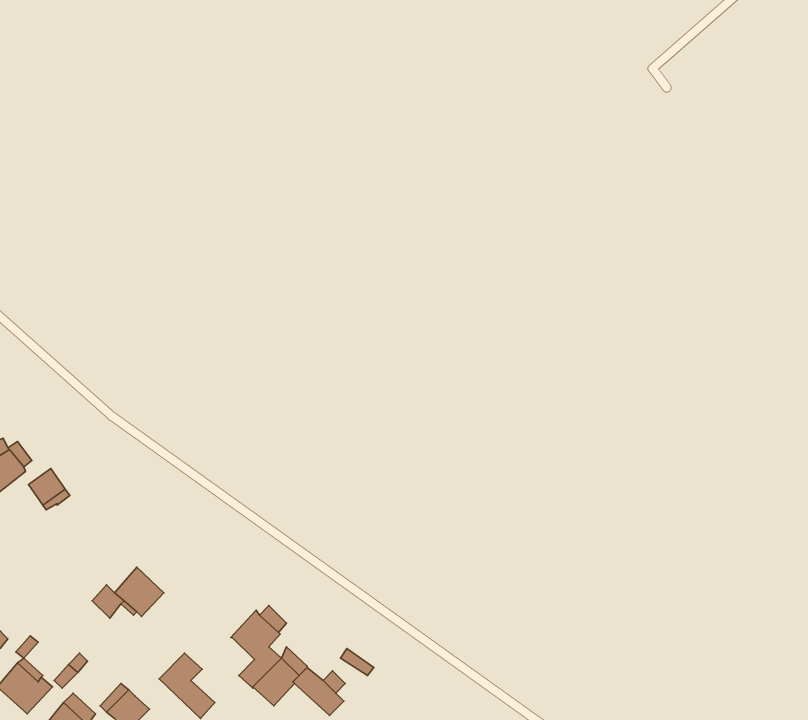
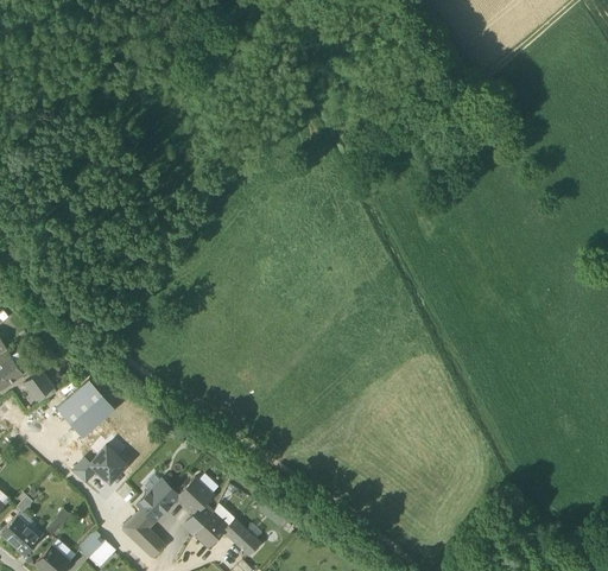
building: none -> [56,379,115,438]
building: none -> [137,480,176,521]

